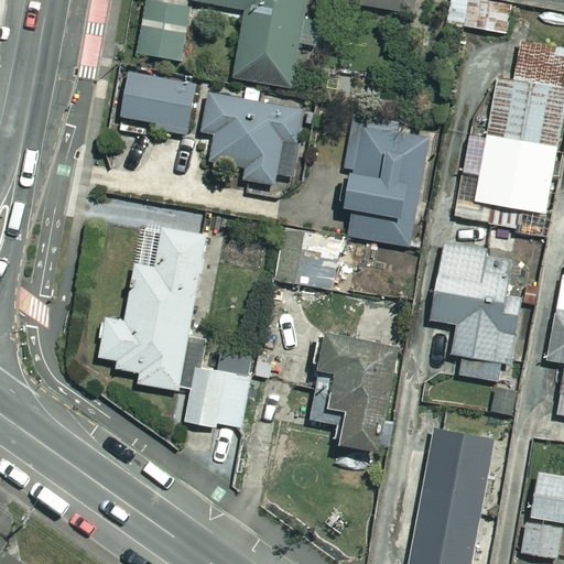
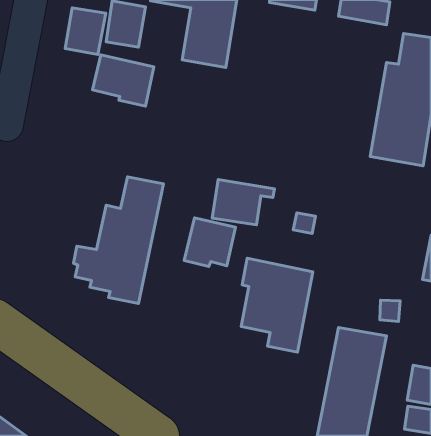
building: none -> [65,8,106,55]
building: [202,87,303,185] -> none
building: [338,117,426,246] -> none
building: [432,245,529,381] -> none
building: [184,366,250,429] -> [184,218,235,267]

